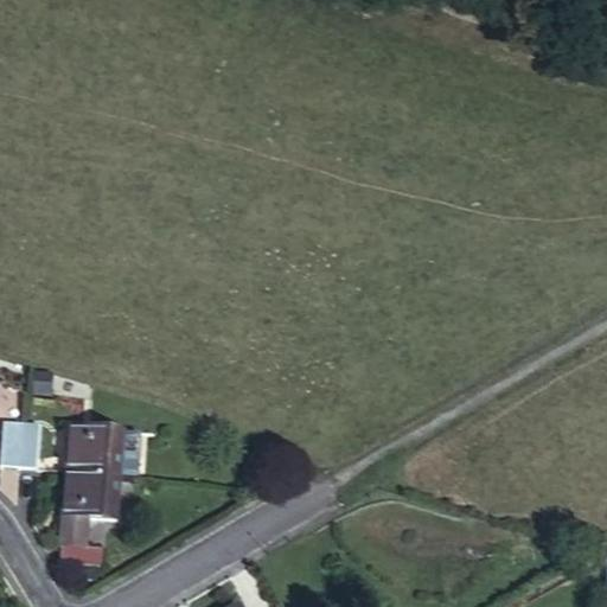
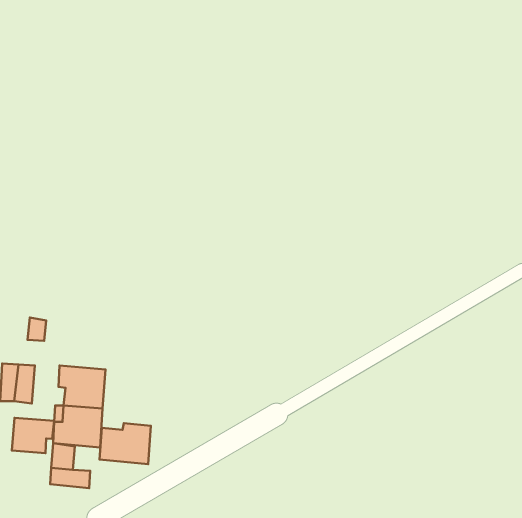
building: none -> [12,418,54,453]
building: none -> [99,423,151,464]

